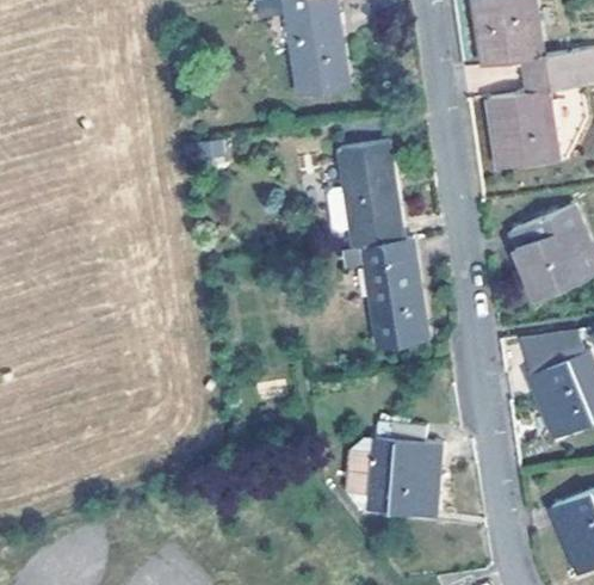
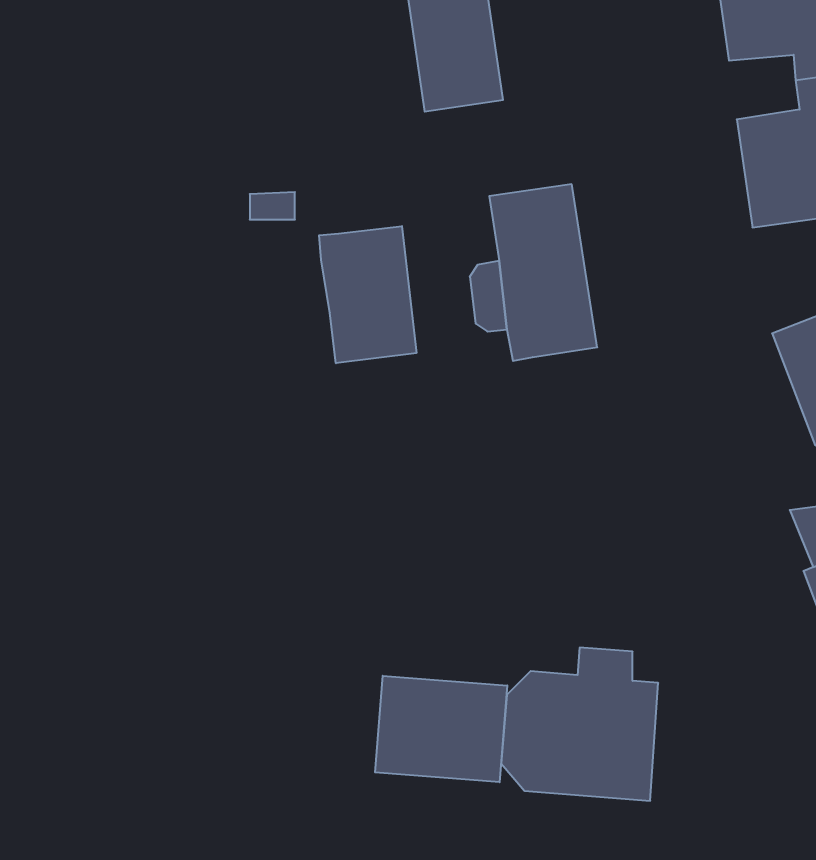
building: none -> [319,226,416,363]
building: [365,239,426,345] -> none
building: none -> [375,676,507,782]

